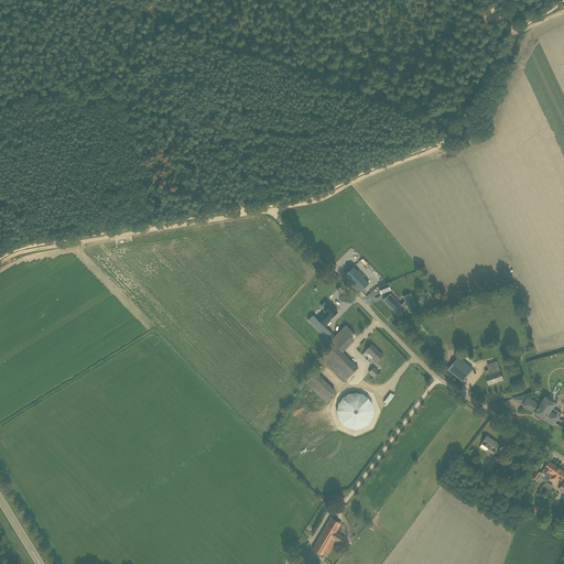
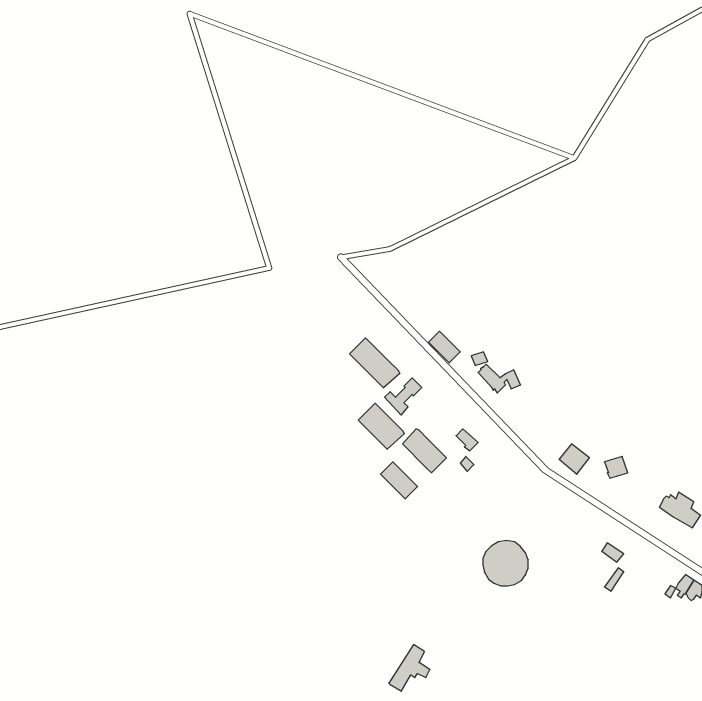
building: none -> [350,338,400,388]
building: none -> [358,403,404,449]
building: [336,390,372,426] -> [483,541,528,586]

